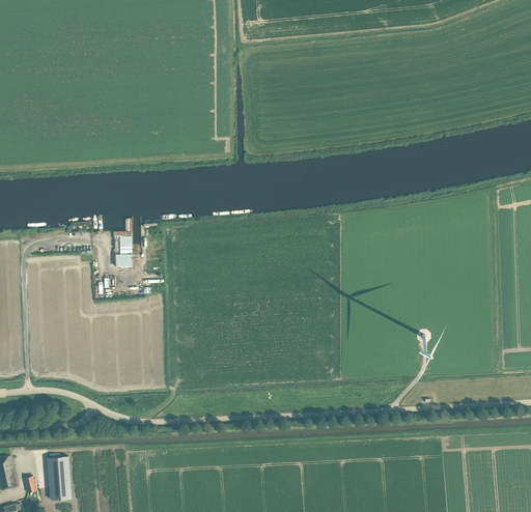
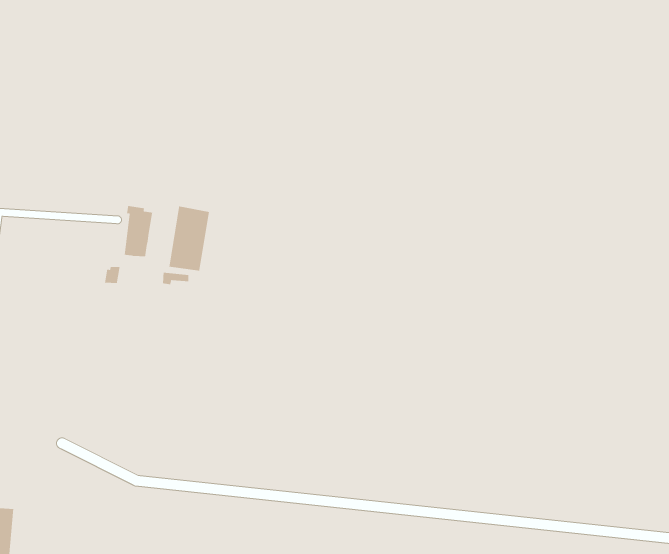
building: none -> [168,206,210,272]

